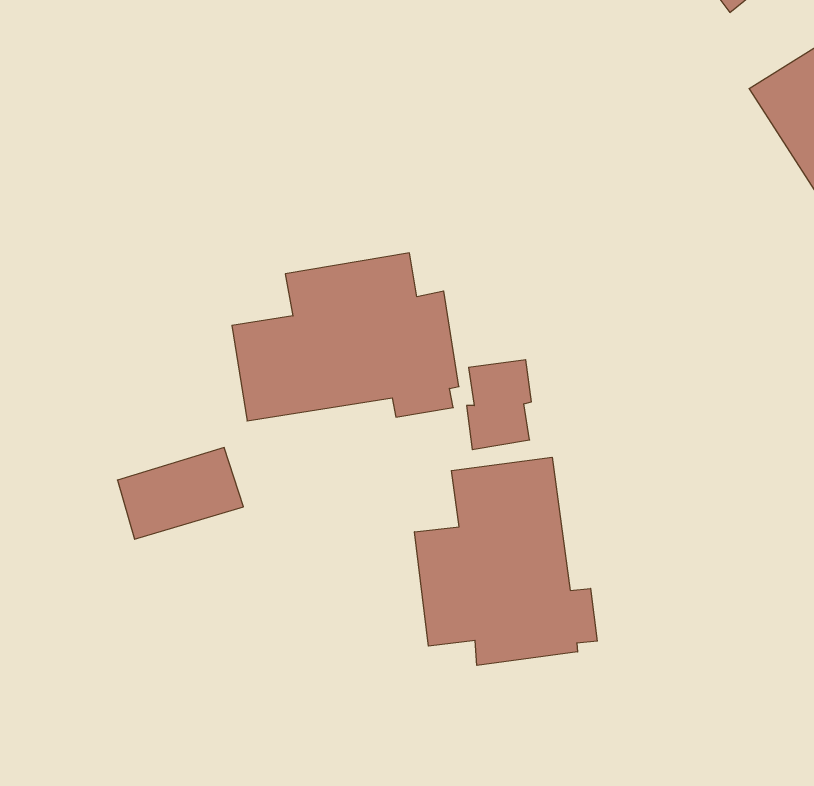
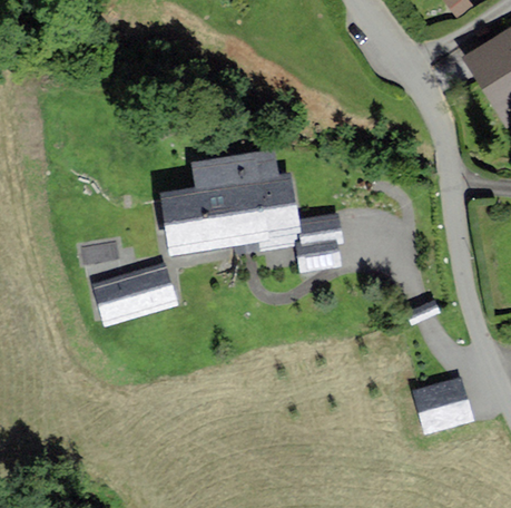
building: [415,457,597,665] -> none
building: none -> [416,381,465,428]

